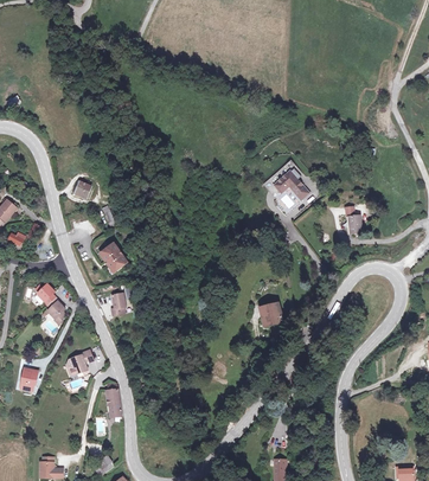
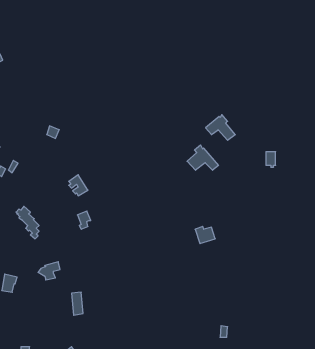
building: none -> [187,145,218,170]

